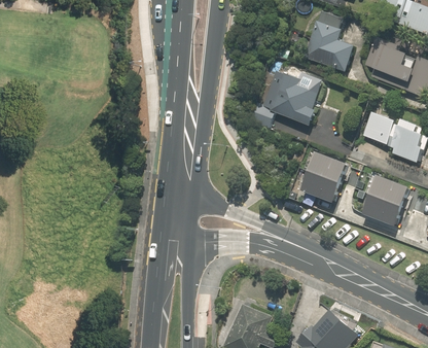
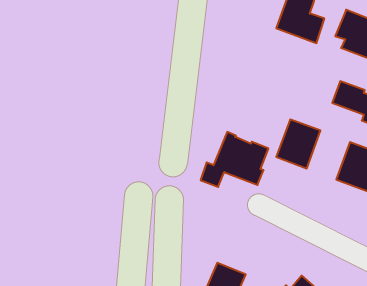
building: [250,69,321,127] -> [201,132,268,187]

